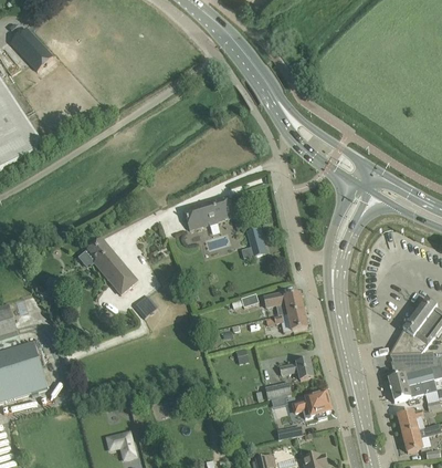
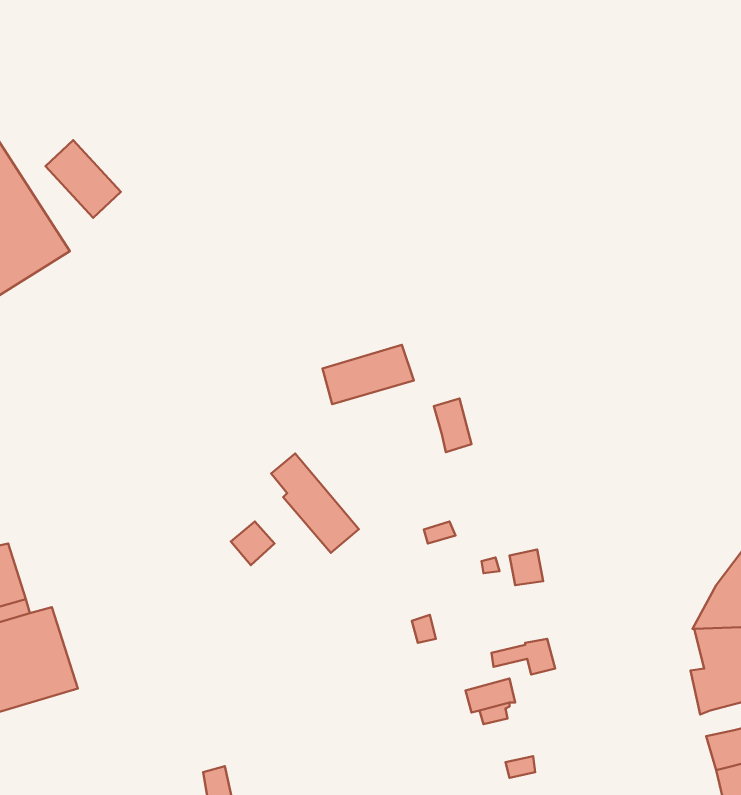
building: [9,27,51,70] -> [45,140,121,218]
building: [86,238,135,293] -> [271,453,359,553]
building: [262,290,302,313] -> none
building: [292,392,329,419] -> none

